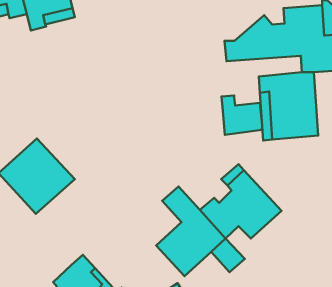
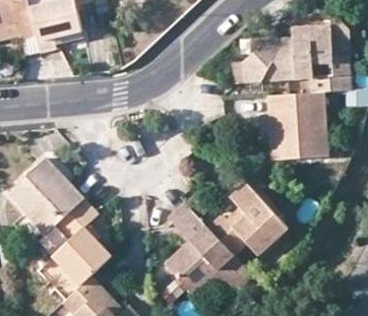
building: [221,96,262,135] -> none
building: none -> [39,198,112,283]

